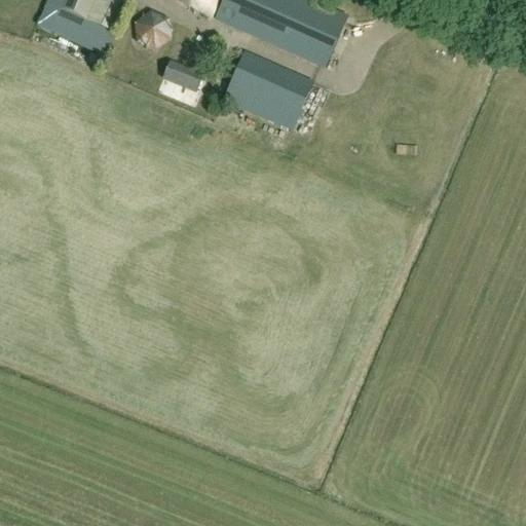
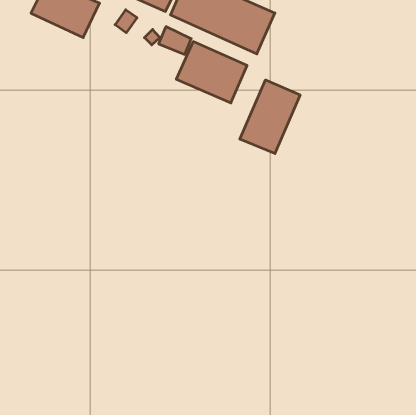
building: [161,58,202,92] -> [159,27,191,54]
building: none -> [240,80,300,154]

